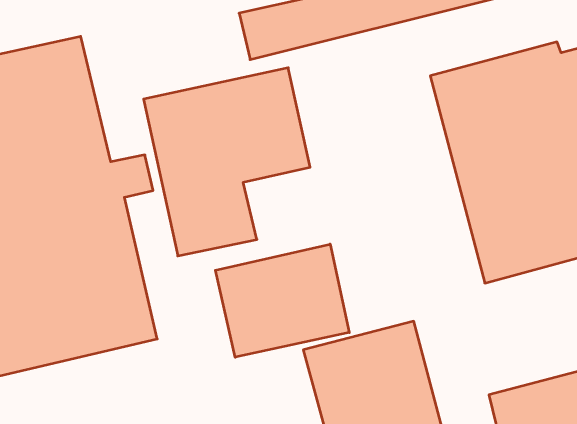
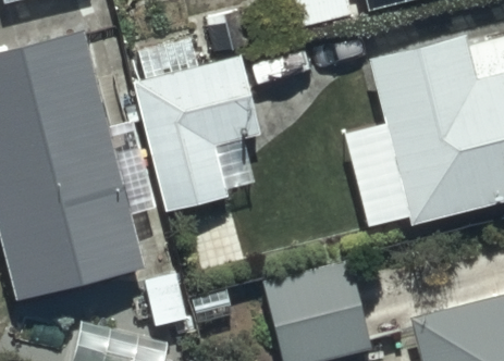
building: [215,244,349,357] -> none

